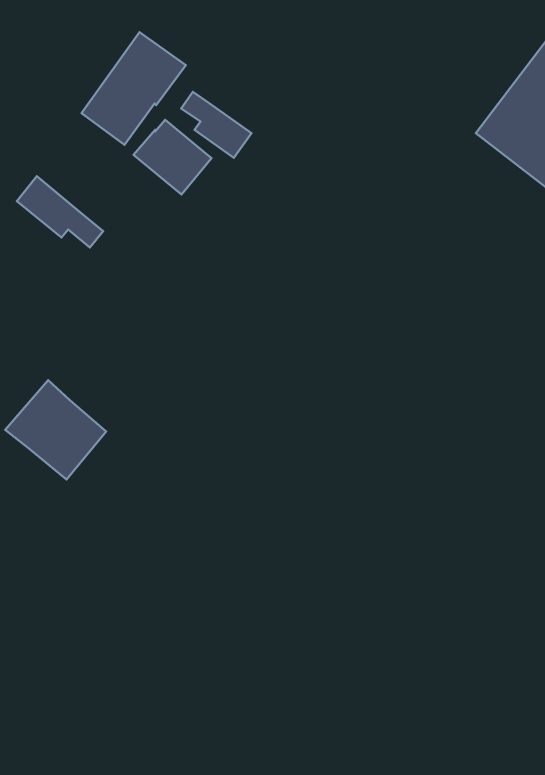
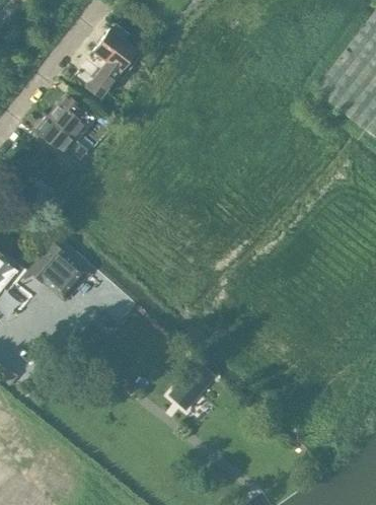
building: [181,92,252,158] -> none
building: [134,120,211,195] -> [51,95,98,141]

